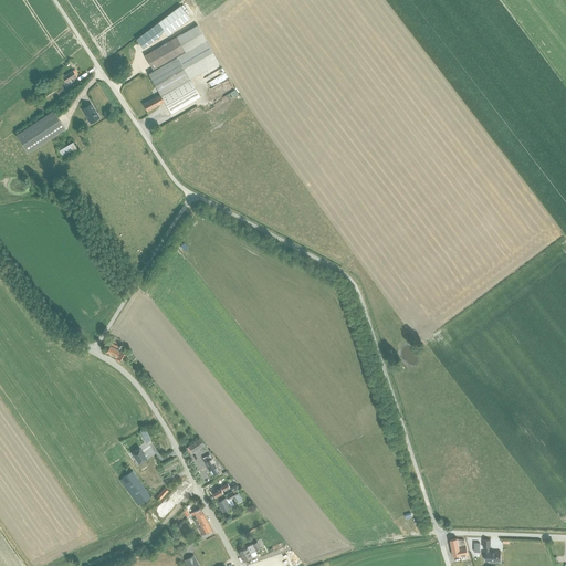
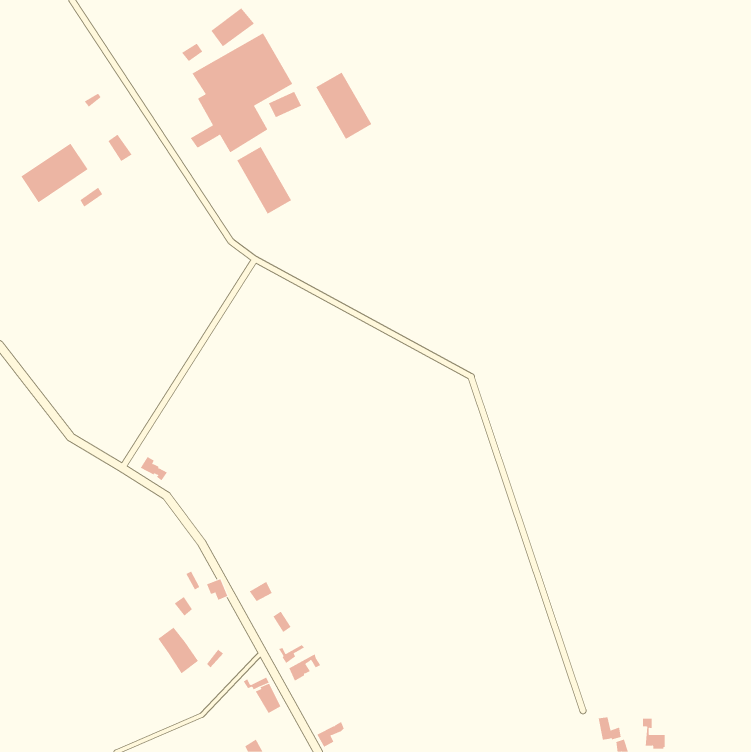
building: none -> [316,72,372,140]
building: none -> [237,146,292,214]

